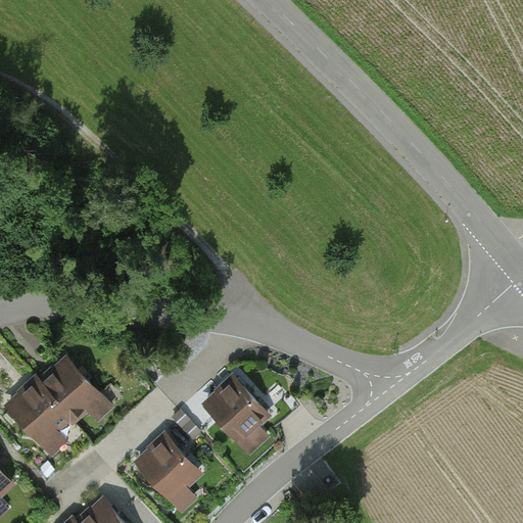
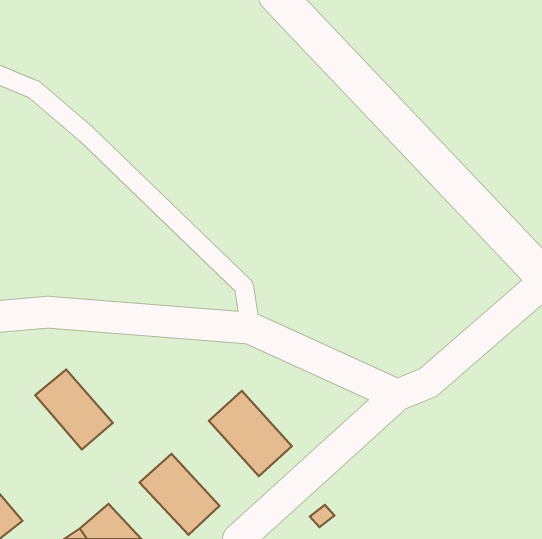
building: [4,379,79,457] -> none

